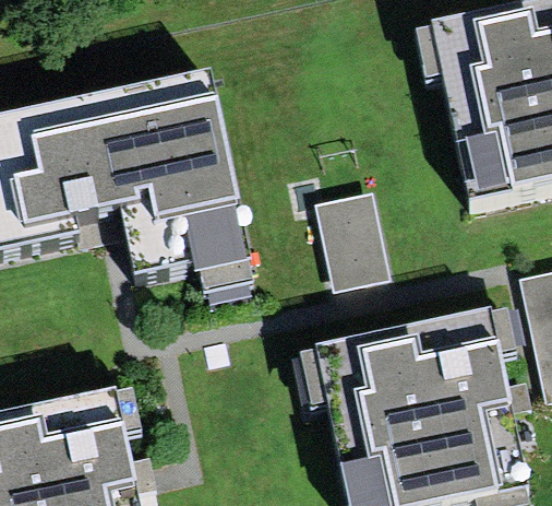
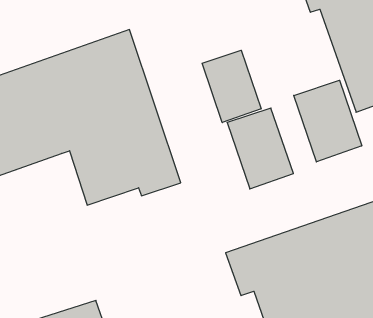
building: none -> [202,50,261,123]
building: none -> [294,80,362,162]

